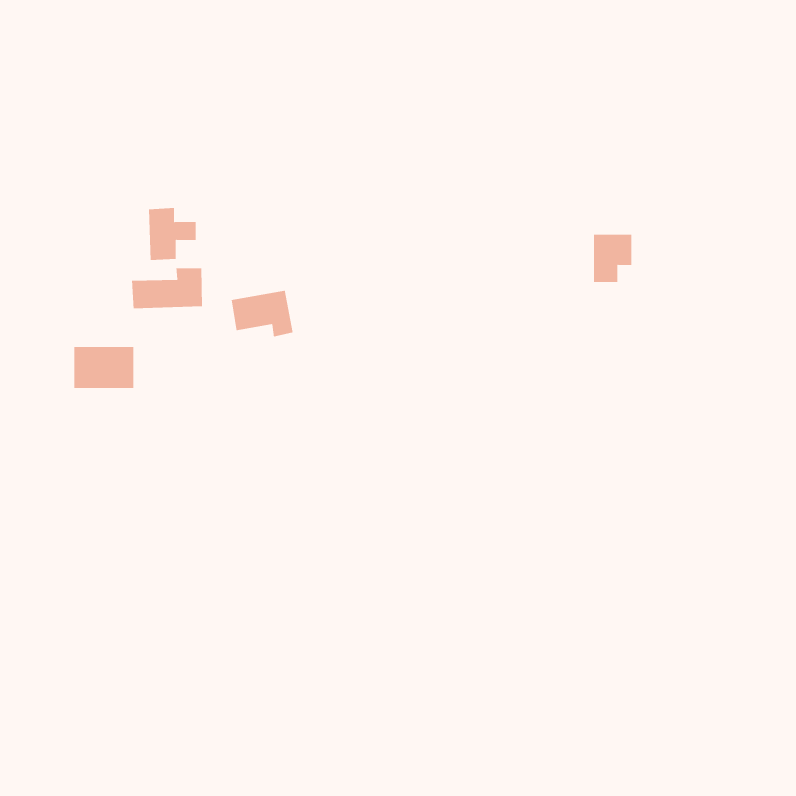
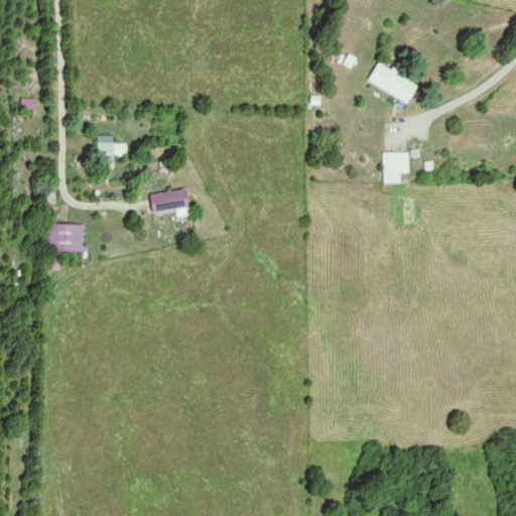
building: none -> [368,61,417,104]
building: [131,268,202,309] -> none

